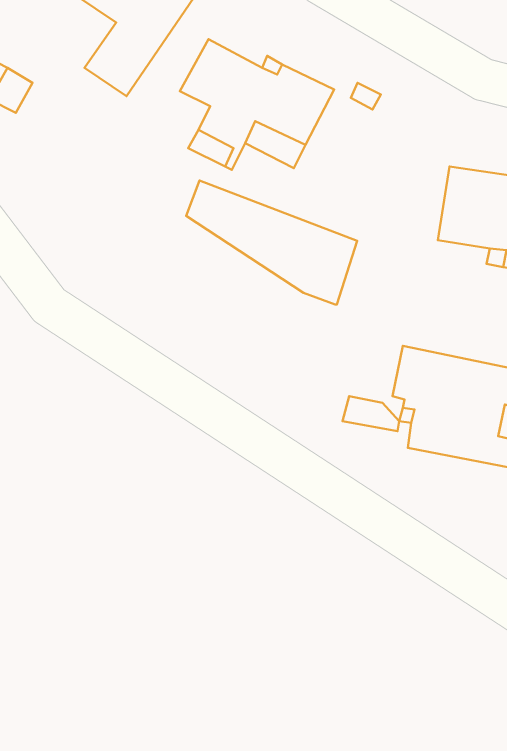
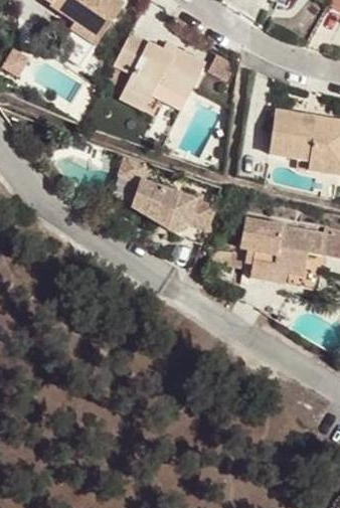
building: [186,181,357,304] -> [114,170,216,244]

